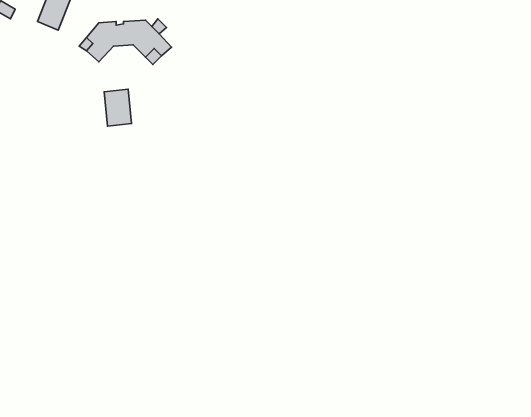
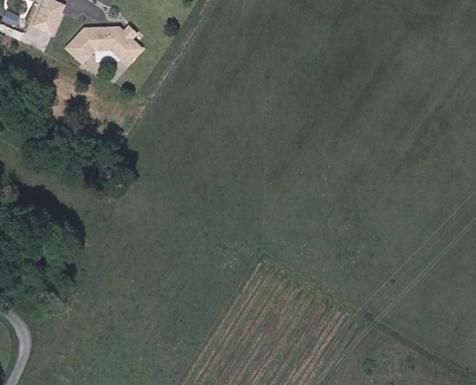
building: [104,89,132,126] -> none

